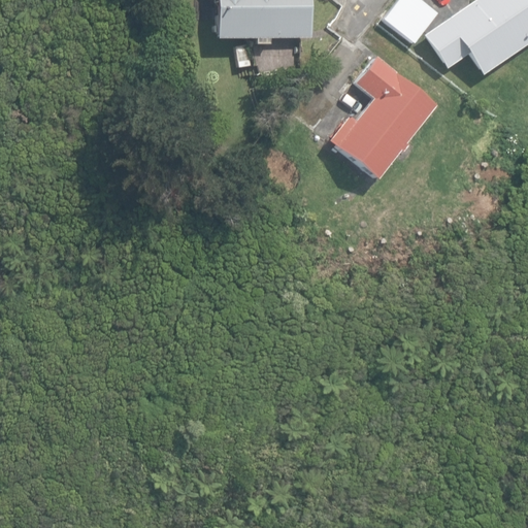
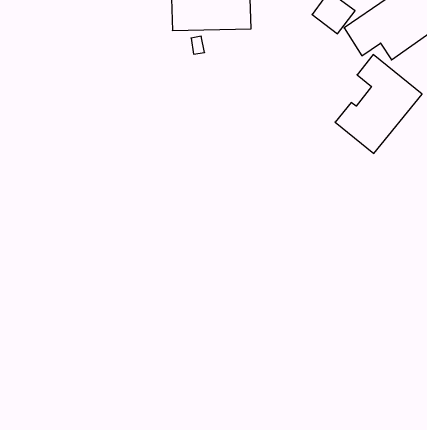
building: [331,57,437,177] -> [335,55,422,153]

